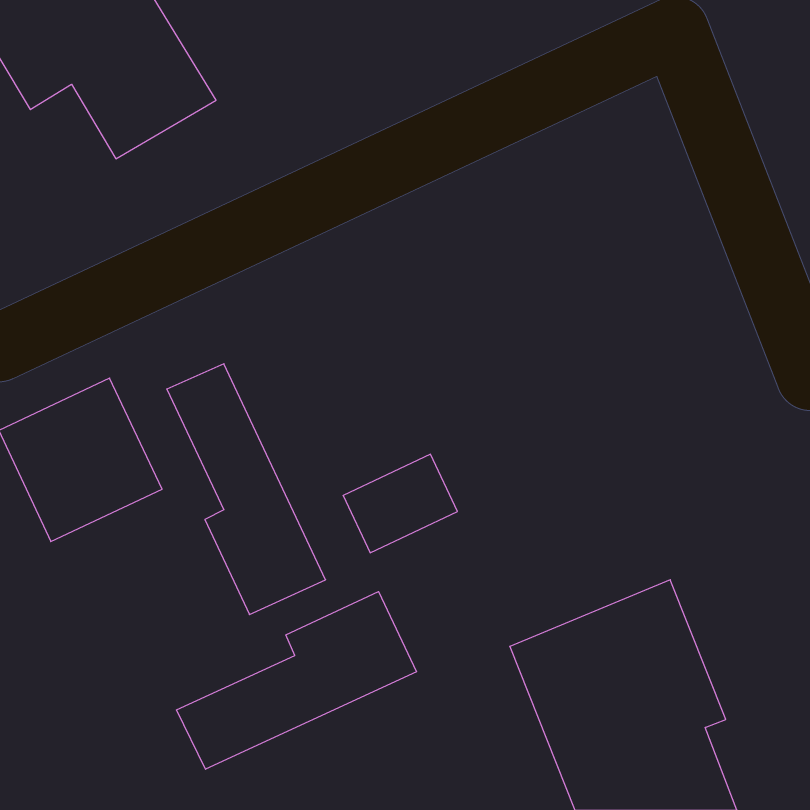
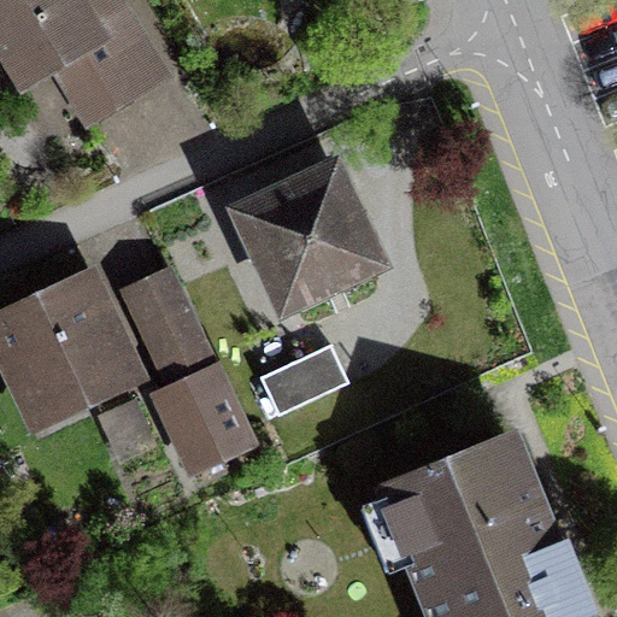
building: none -> [242,171,372,310]
building: [177,592,417,769] -> none

